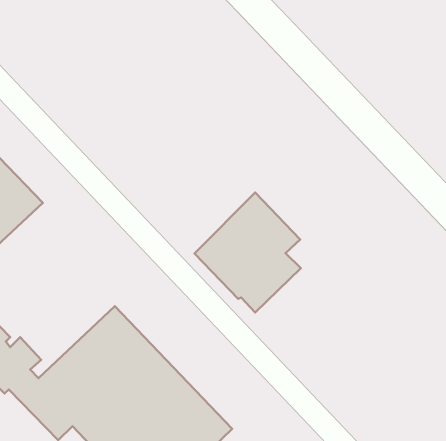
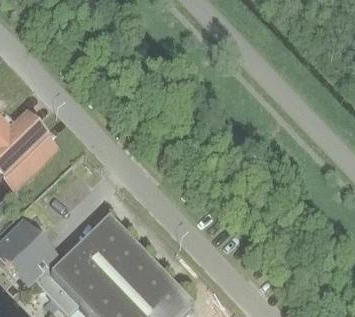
building: [194,193,301,312] -> none

